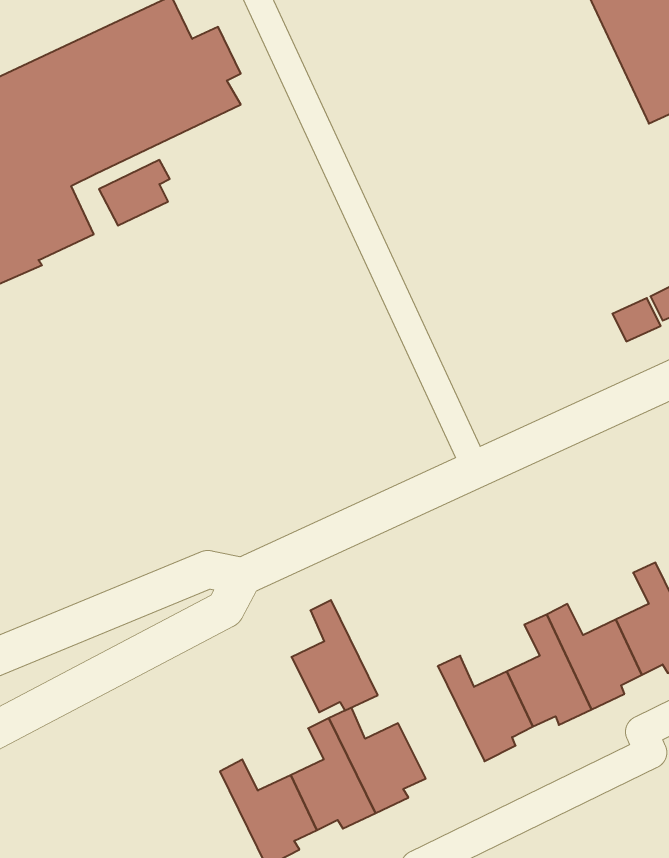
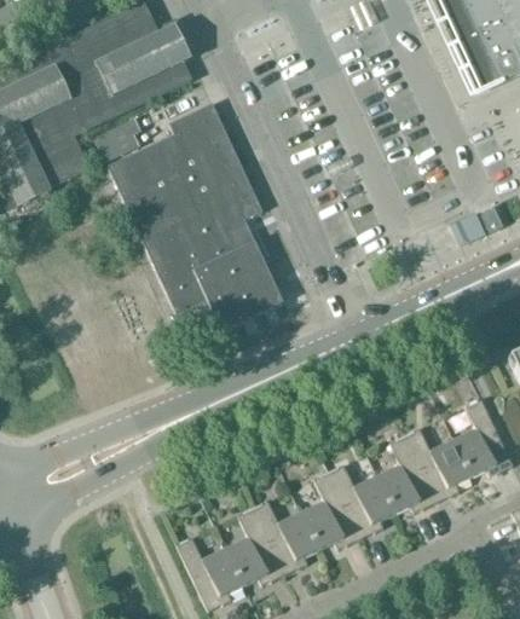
building: none -> [105,103,282,331]
building: [291,600,378,712] -> [300,472,360,550]

